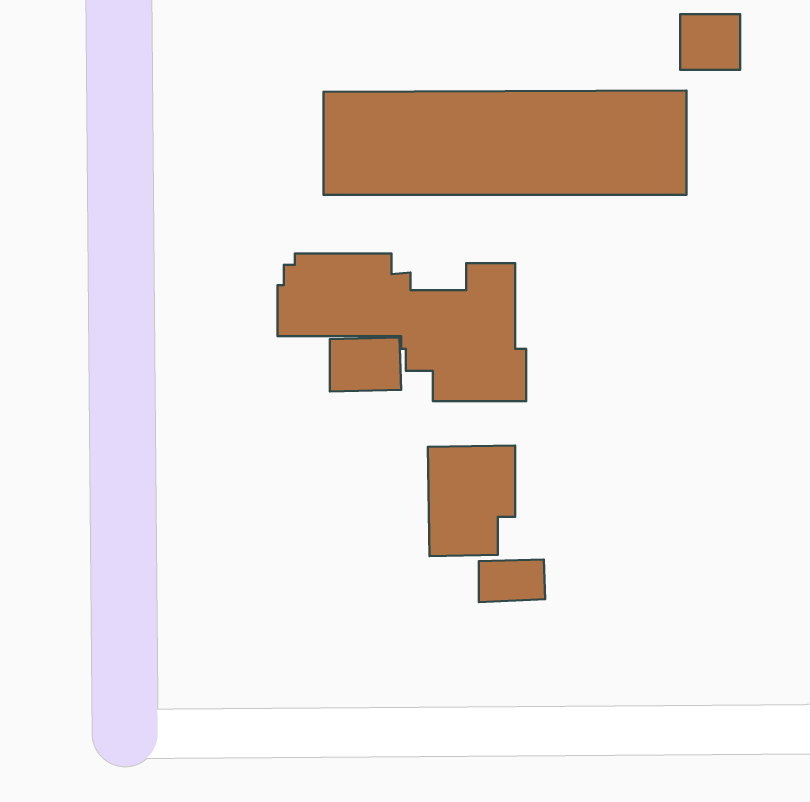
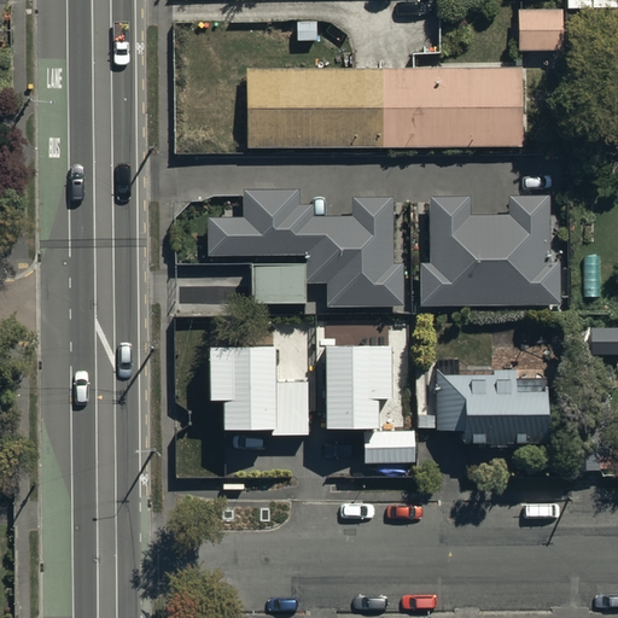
building: none -> [424,199,561,303]
building: none -> [209,340,308,428]
building: none -> [435,354,546,449]

